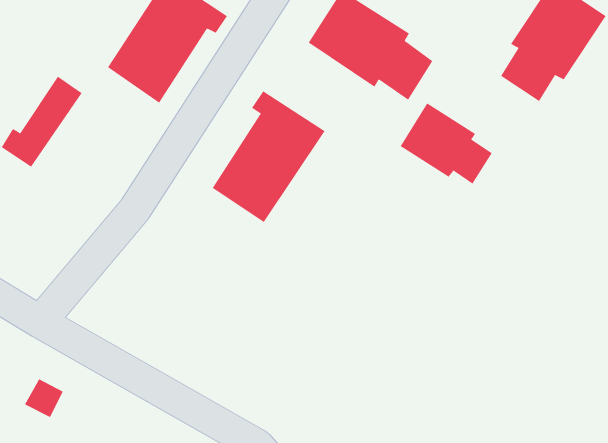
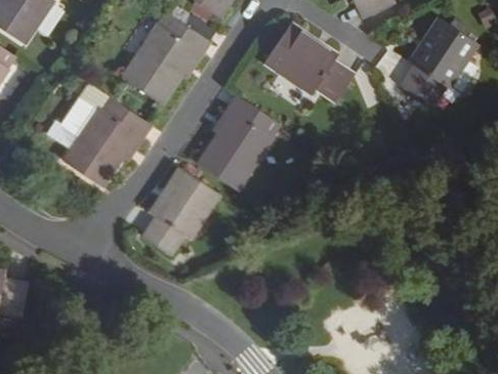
building: none -> [64,97,149,185]
building: [400,103,492,184] -> none
building: none -> [142,168,218,255]

